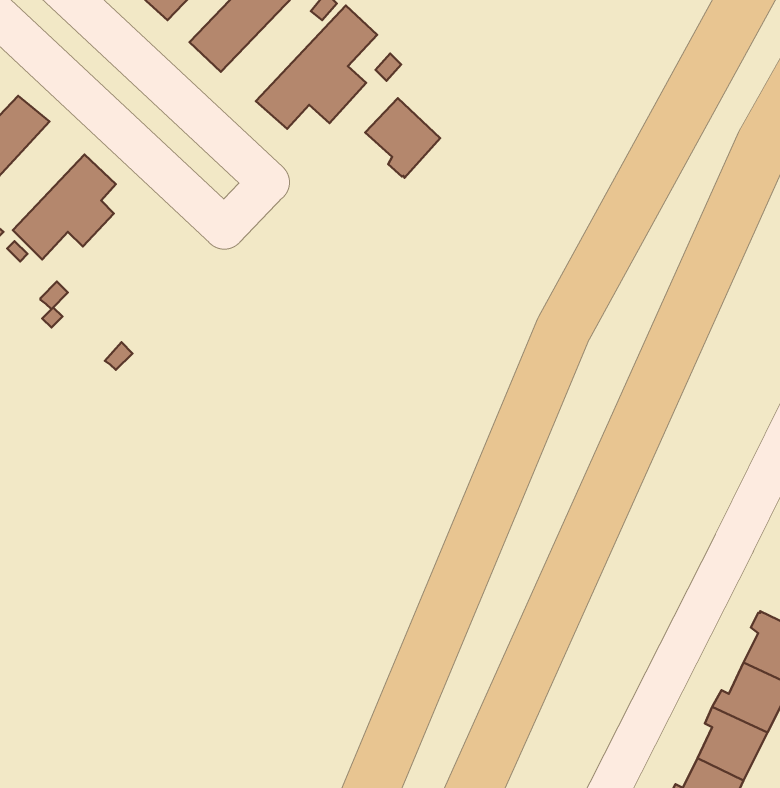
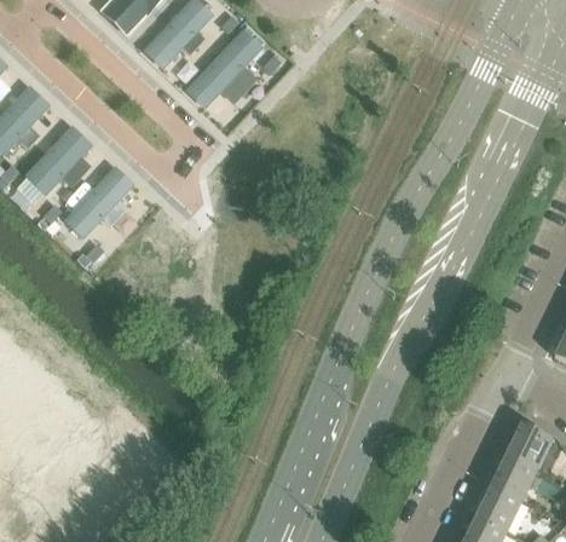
building: [365,98,440,178] -> none
building: none -> [62,163,133,237]

